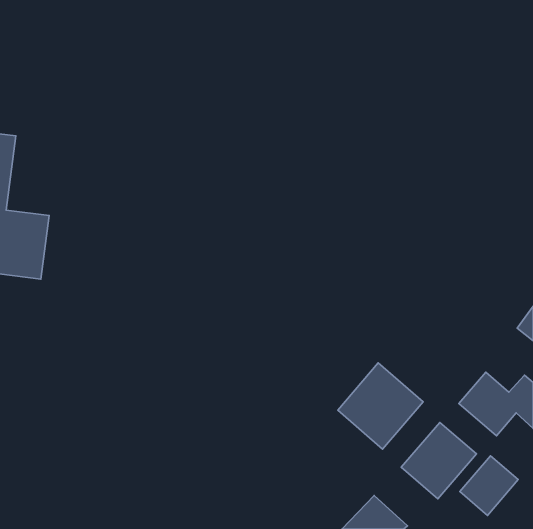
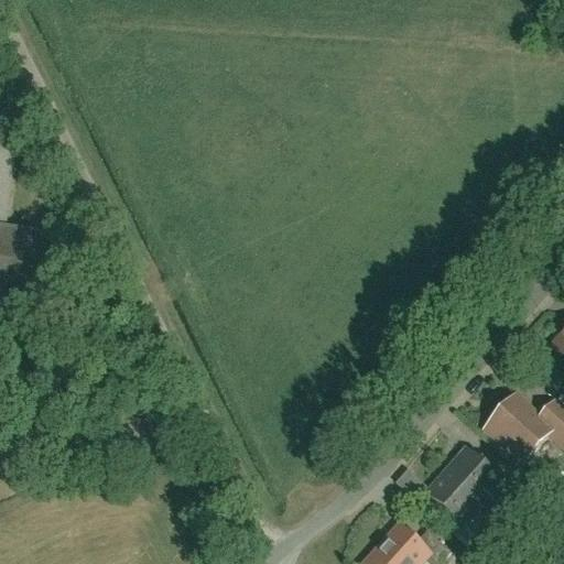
building: [338,363,423,449] -> none
building: [460,456,518,515] -> none

